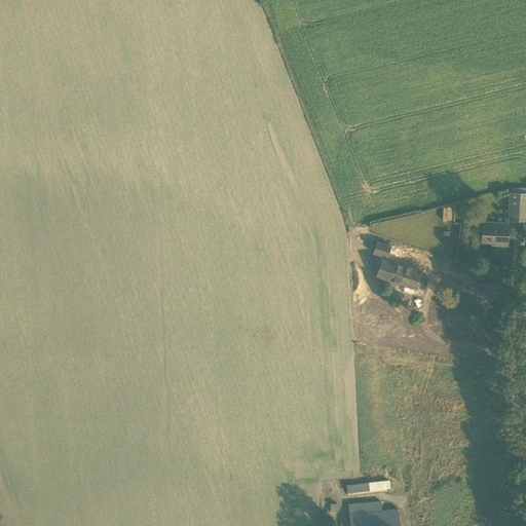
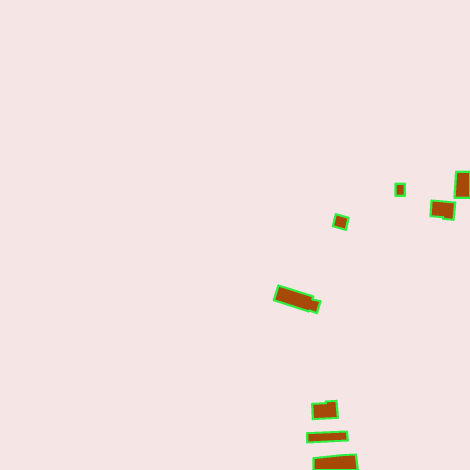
building: [376,259,428,290] -> [274,286,321,313]
building: none -> [312,401,338,419]

